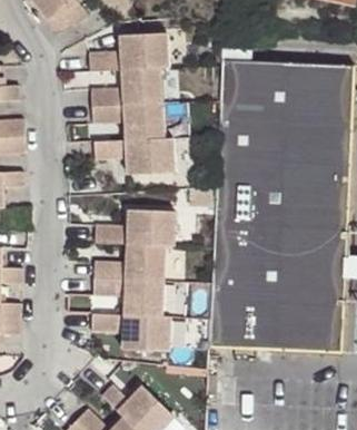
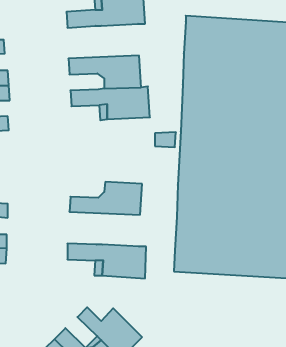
building: [89,67,169,106] -> none
building: [92,209,182,246] -> none
building: [90,277,170,316] -> none

